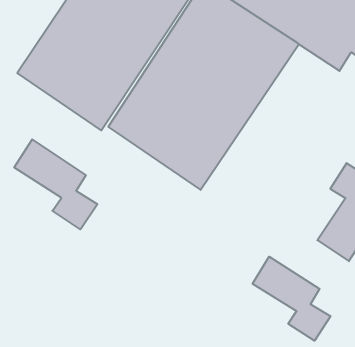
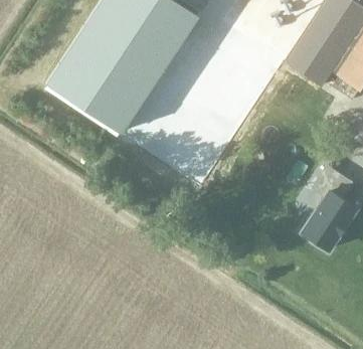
building: [14,139,97,229] -> none
building: [253,257,330,341] -> none

